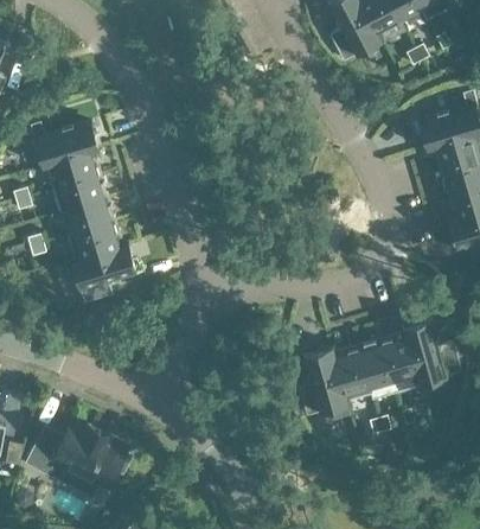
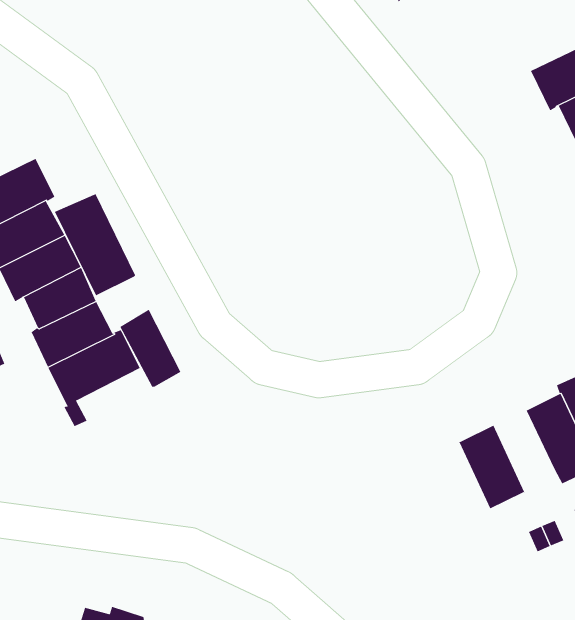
building: none -> [54,193,136,296]
building: none -> [119,309,181,387]
building: [358,342,396,401] -> none
building: [297,349,346,416] -> none

